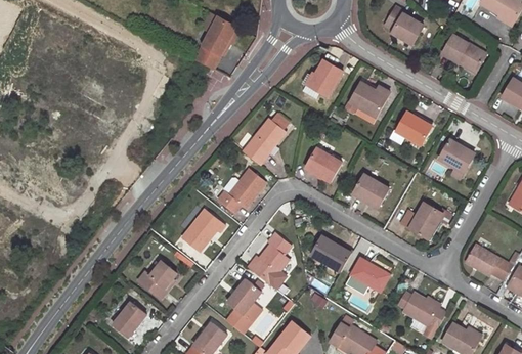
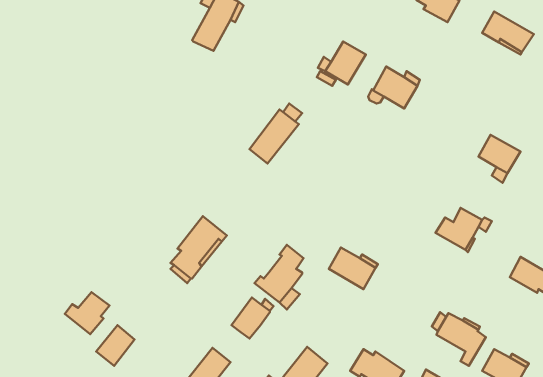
building: [396,112,431,144] -> none
building: [305,148,342,182] -> none
building: [218,170,265,213] -> none
building: [353,175,389,208] -> none
building: [346,259,389,295] -> none
building: [138,262,176,298] -> [65,292,109,334]
building: [227,303,262,334] -> none

